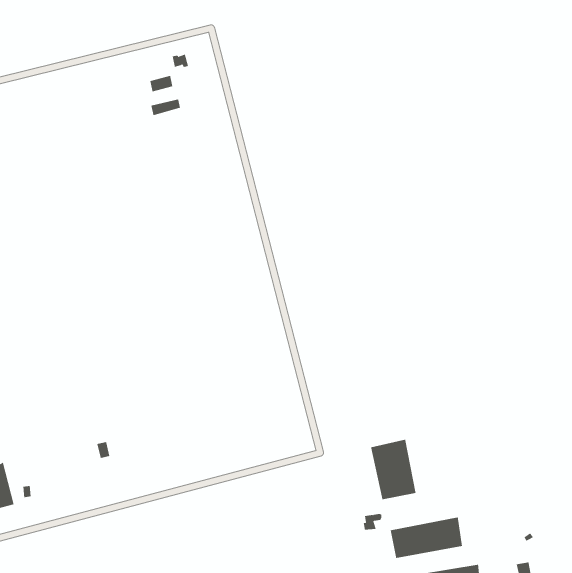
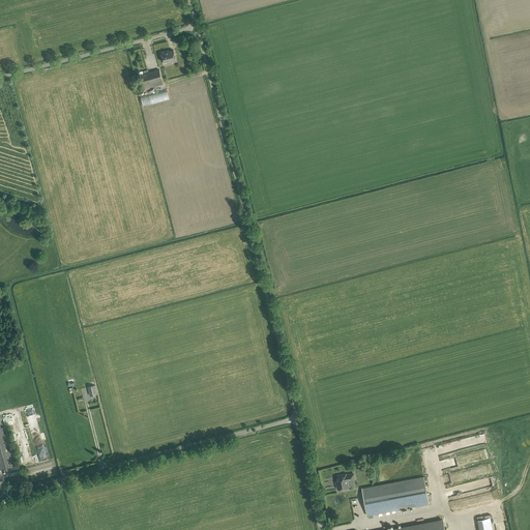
building: [371,439,416,500] -> none

